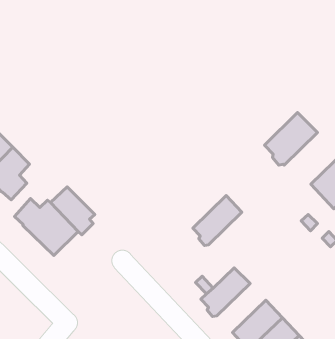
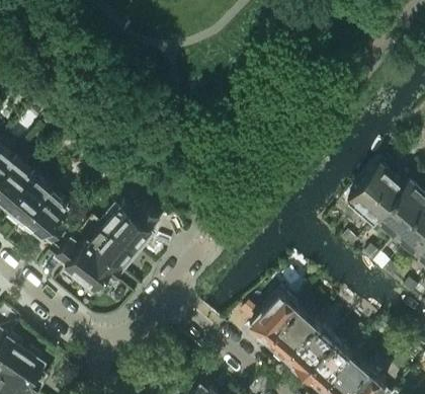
building: [264,112,317,165] -> none
building: none -> [105,208,159,254]
building: [193,196,242,245] -> [266,306,314,358]

